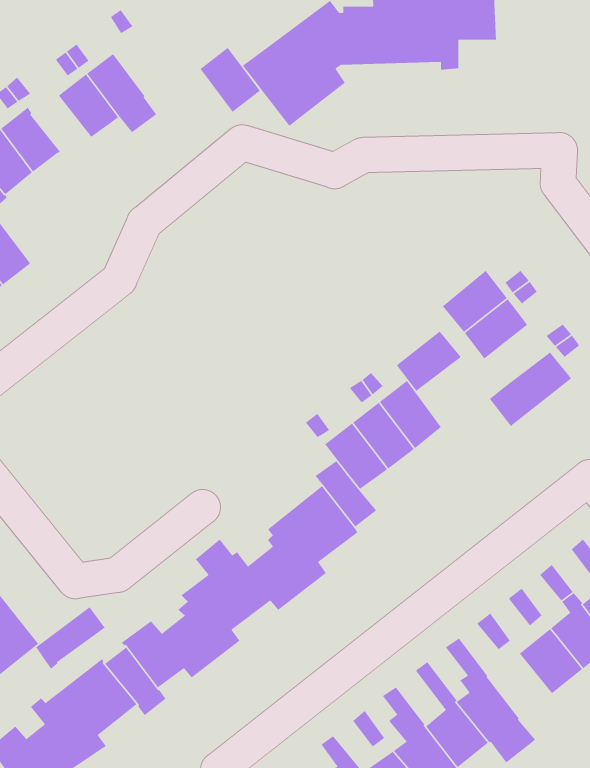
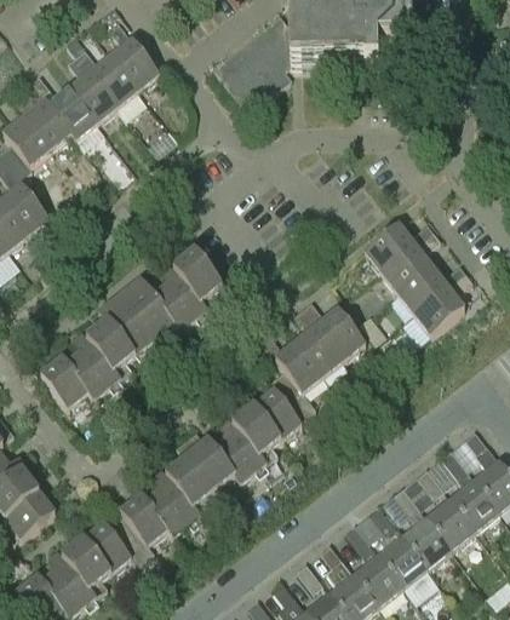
building: [199,47,261,113] -> [111,38,159,88]
building: none -> [48,87,94,137]
building: none -> [39,251,222,407]
building: [396,331,462,392] -> [397,264,448,311]
building: [35,606,106,670] -> none
building: none -> [400,517,449,568]

